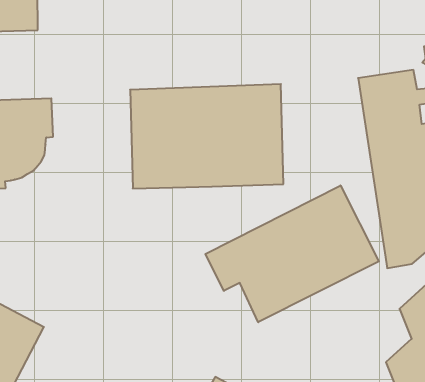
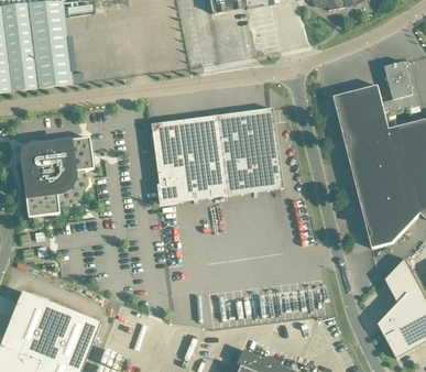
building: [205,185,379,322] -> none

